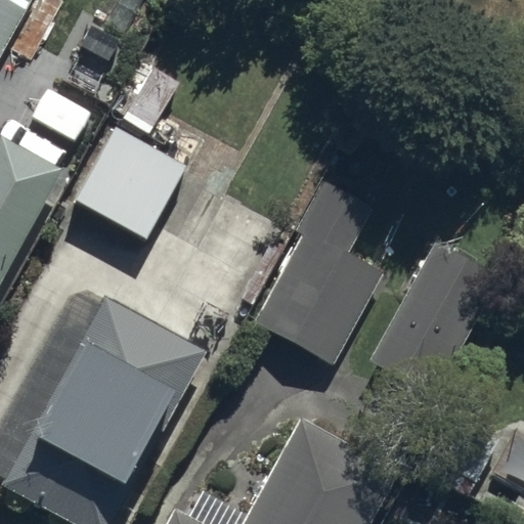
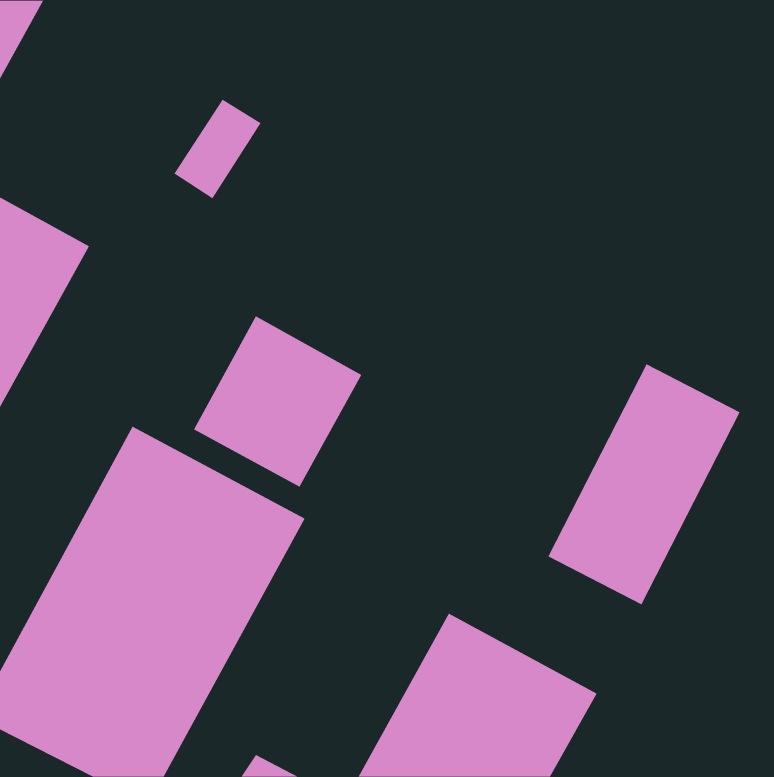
building: [74,127,187,243] -> [193,316,362,487]
building: [255,185,382,369] -> none

